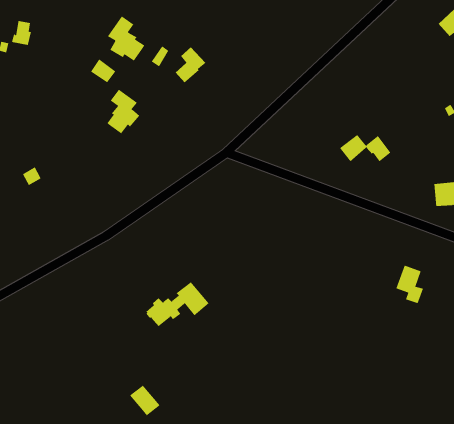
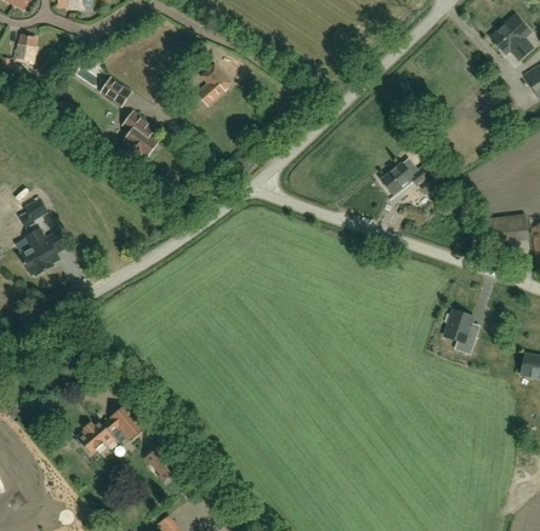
building: [107,15,145,61] -> none
building: none -> [21,229,67,275]
building: [146,281,209,327] -> [75,402,147,453]

